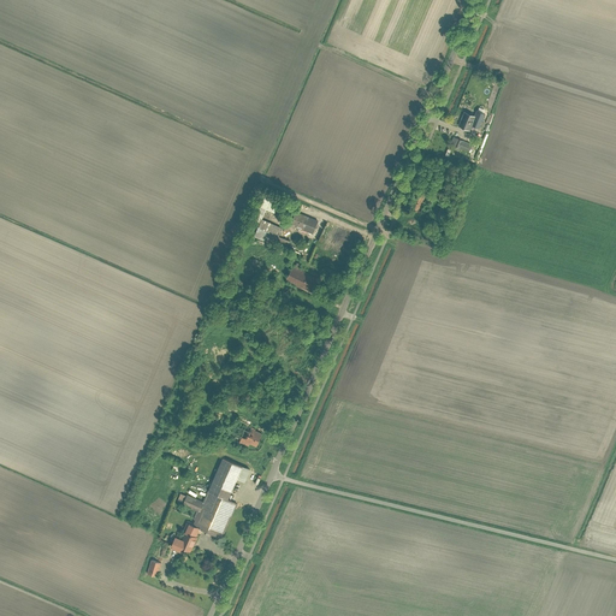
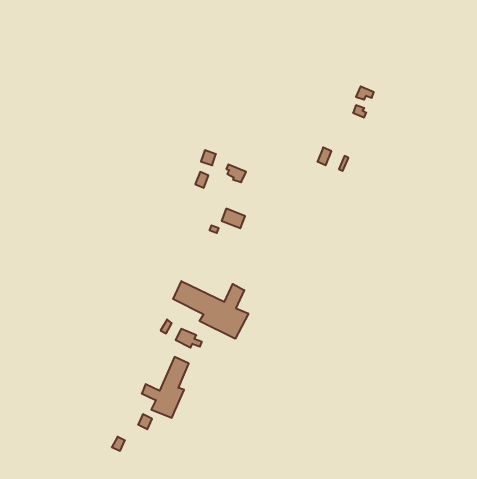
building: none -> [173,281,248,339]

